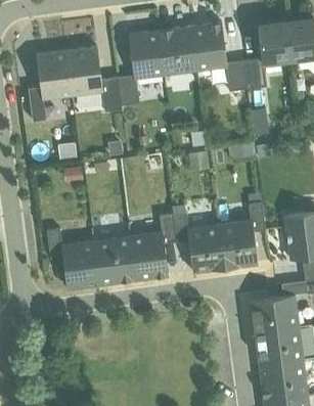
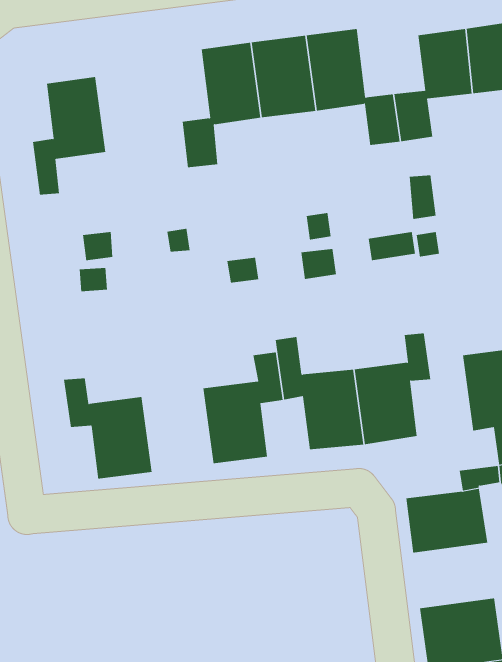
building: [65,46,121,111] -> none
building: [93,235,135,285] -> none
building: [254,327,303,366] -> none

